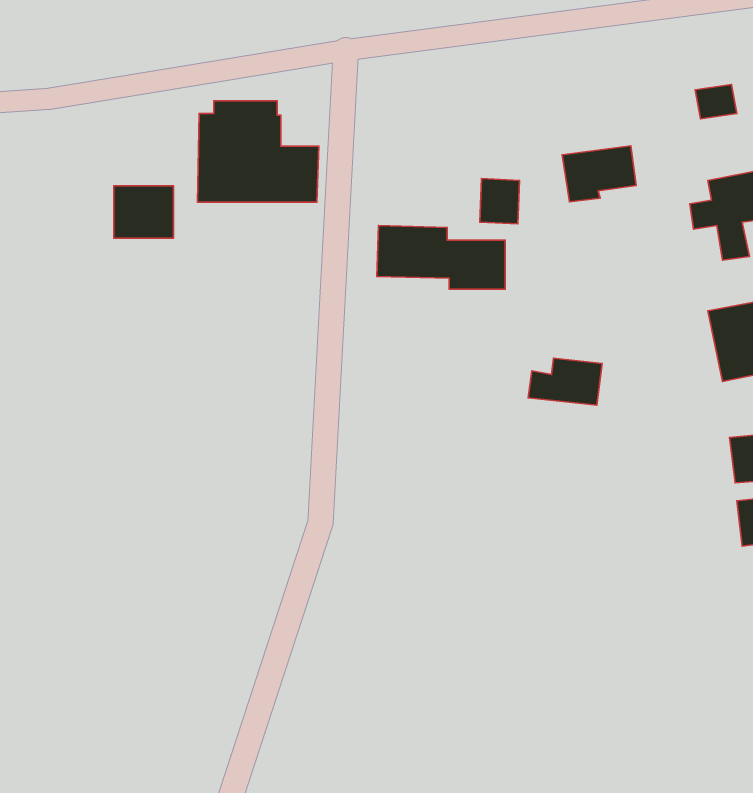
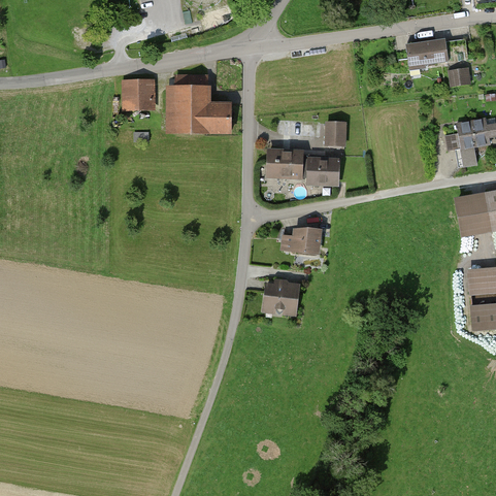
building: [562,146,636,202] -> [405,39,448,71]
building: [114,186,173,238] -> [122,80,156,110]
building: [528,358,602,405] -> [280,226,323,253]
building: none -> [262,277,300,316]

